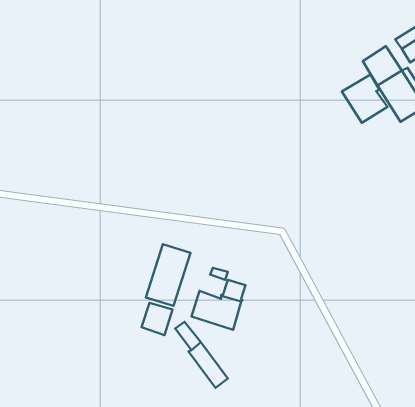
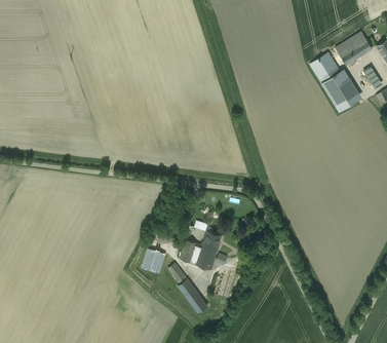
building: [342,74,387,123] -> none
building: [146,244,191,306] -> none

